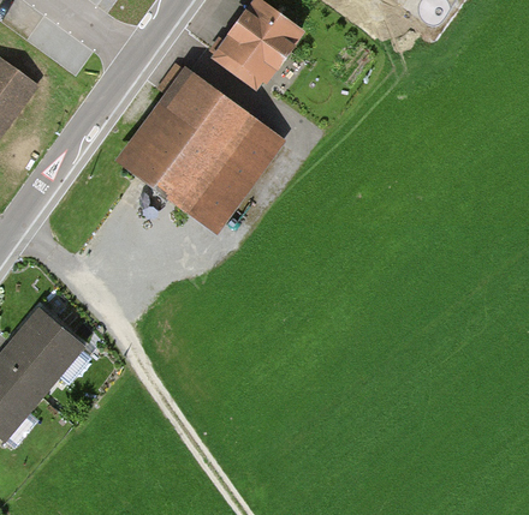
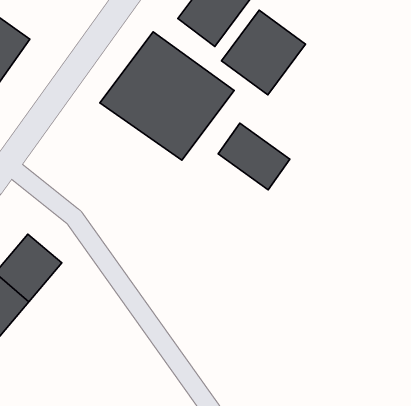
building: none -> [222,10,305,95]
building: none -> [218,123,290,190]

